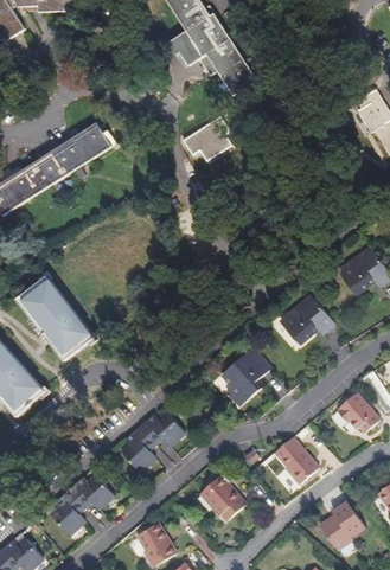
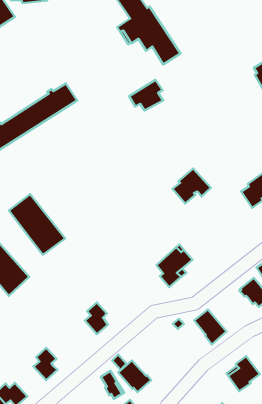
building: [281,295,334,344] -> [173,168,211,203]
building: [139,412,184,446] -> none
building: [69,475,113,508] -> none
building: [199,476,245,520] -> [118,361,151,392]

